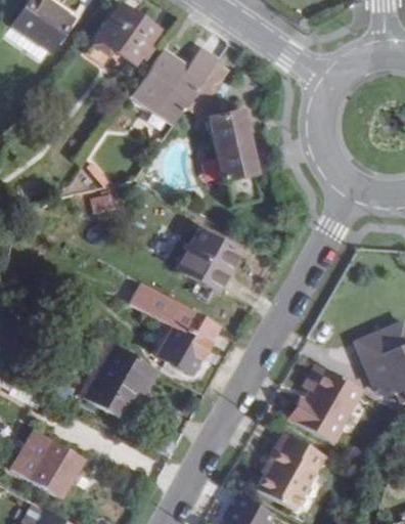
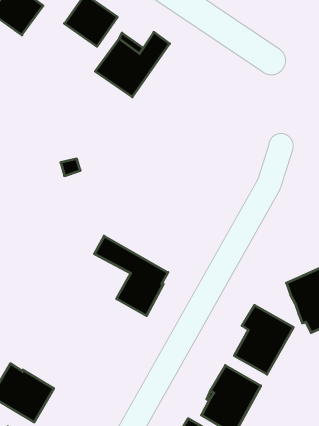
building: [208,108,261,206] -> none
building: [178,230,240,291] -> none
building: [84,343,159,423] -> none

